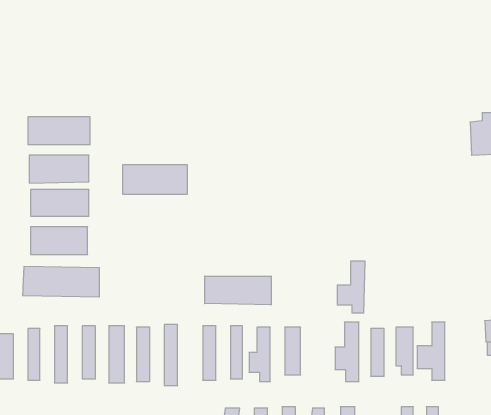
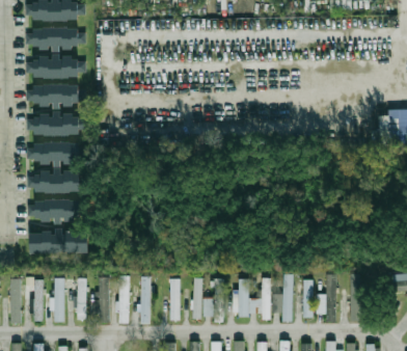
building: none -> [32,28,85,50]
building: none -> [32,57,86,78]
building: [123,165,187,194] -> [32,84,83,107]
building: [337,261,365,313] -> [248,278,270,319]
building: [205,276,271,305] -> none

